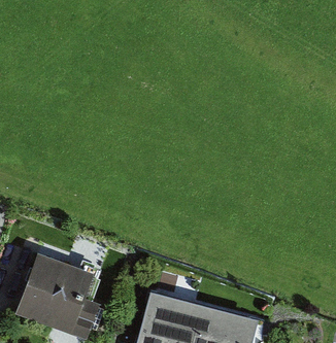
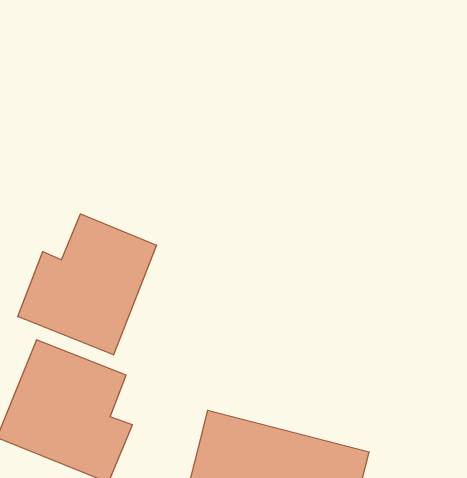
building: none -> [18,214,157,355]

